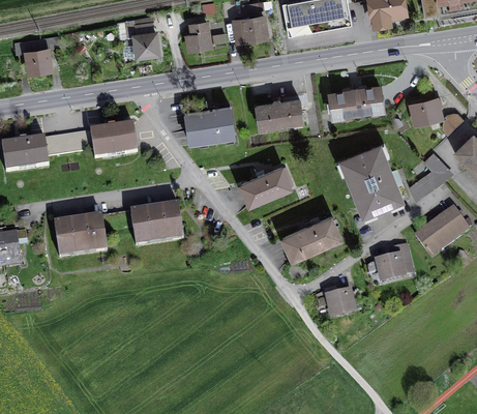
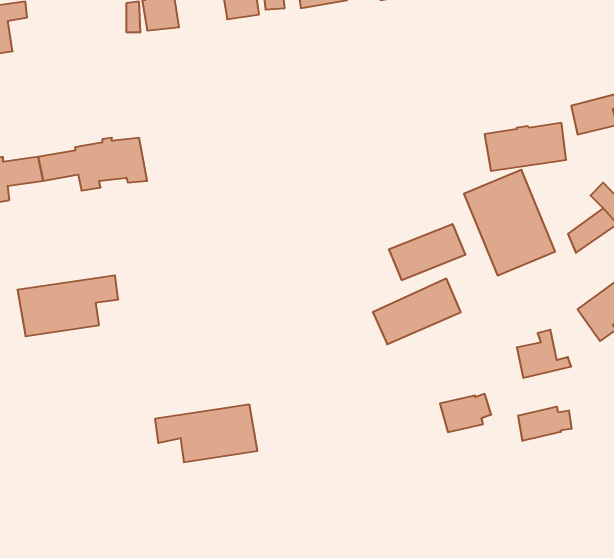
building: [329,86,382,117] -> [485,123,566,171]
building: [256,99,302,126] -> none
building: [184,107,234,140] -> none
building: [240,168,290,204] -> [389,224,466,280]
building: [116,205,182,242] -> [155,405,257,462]
building: none -> [518,407,571,441]

